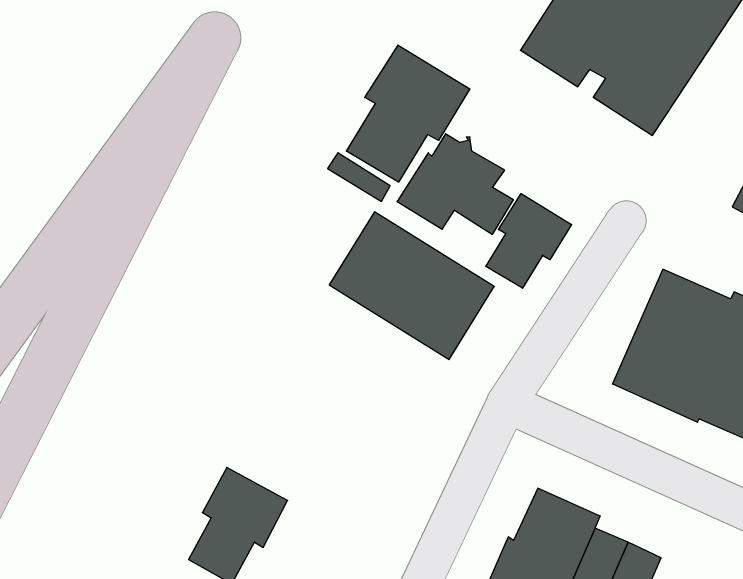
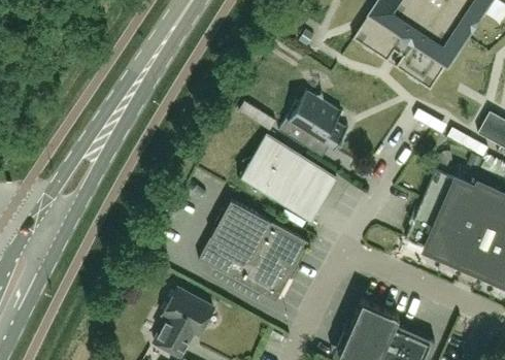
building: [346,45,470,182] -> none
building: [486,194,572,288] -> none
building: none -> [198,199,308,301]

